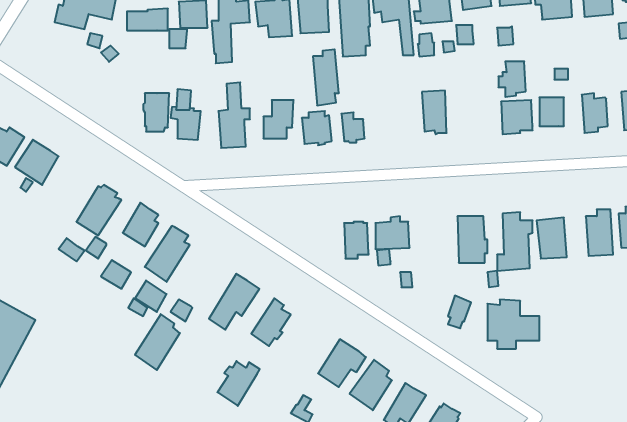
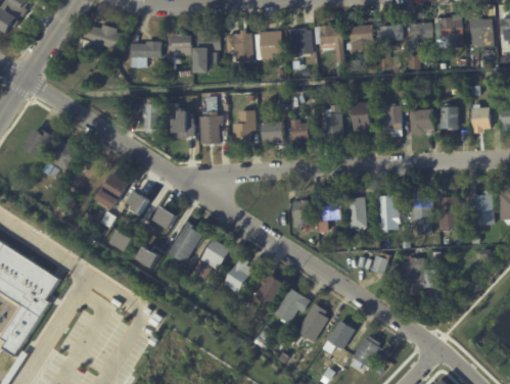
building: [313,49,339,105] -> [322,104,341,146]
building: [498,61,526,97] -> [381,106,402,133]
building: none -> [346,197,366,228]
building: [135,314,180,370] -> [169,222,202,263]
building: [217,361,260,406] -> [253,274,285,307]

